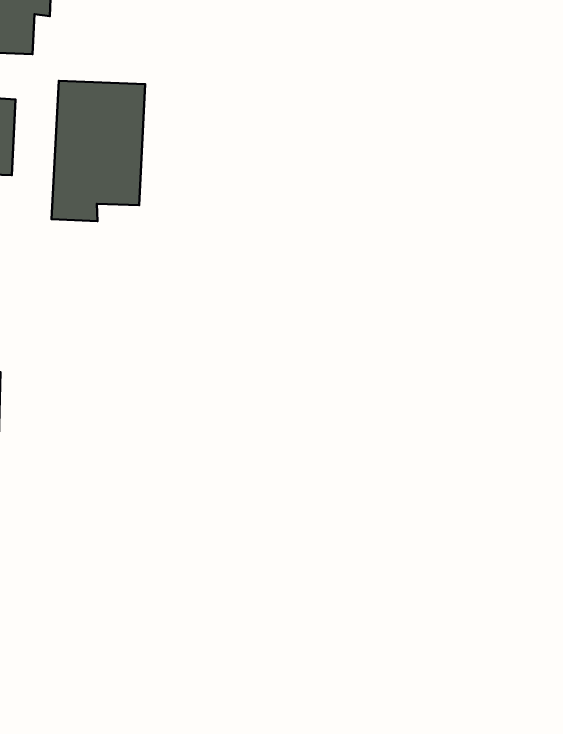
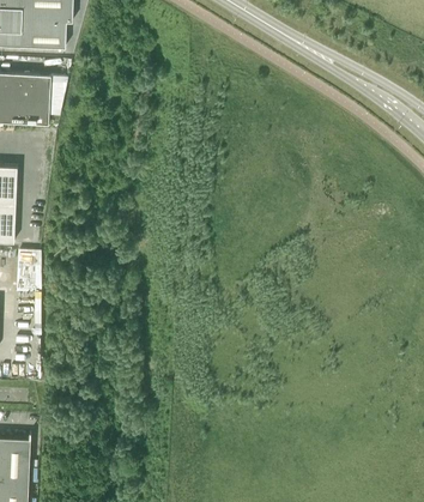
building: [51,81,145,221] -> none

